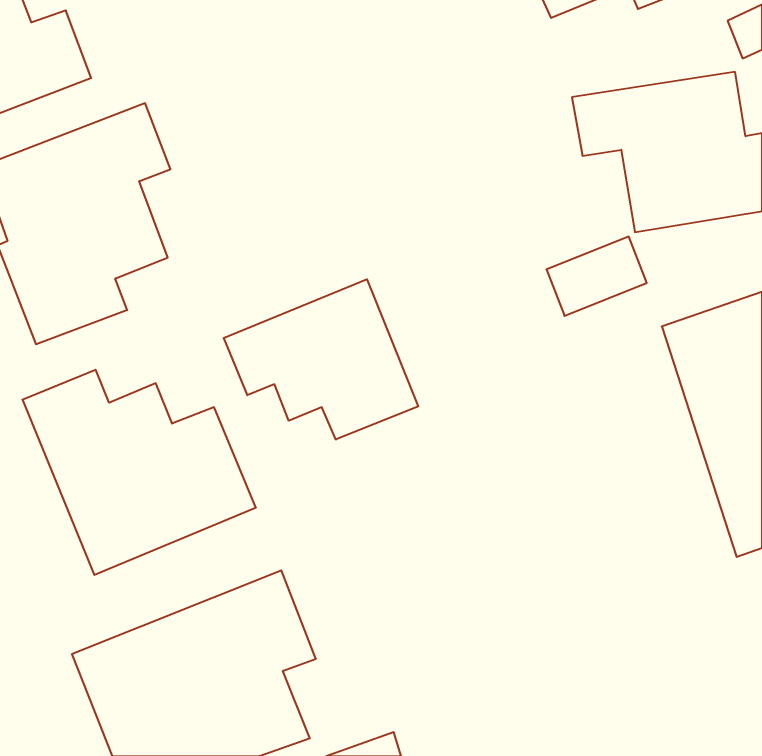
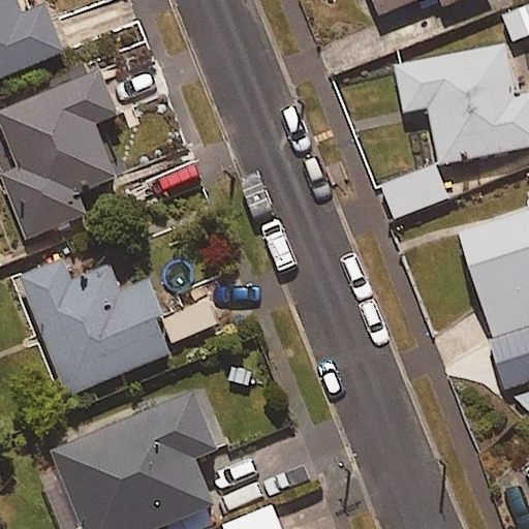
building: [224,279,418,440] -> none

